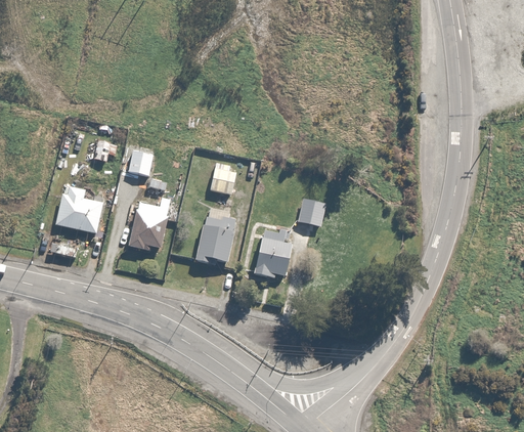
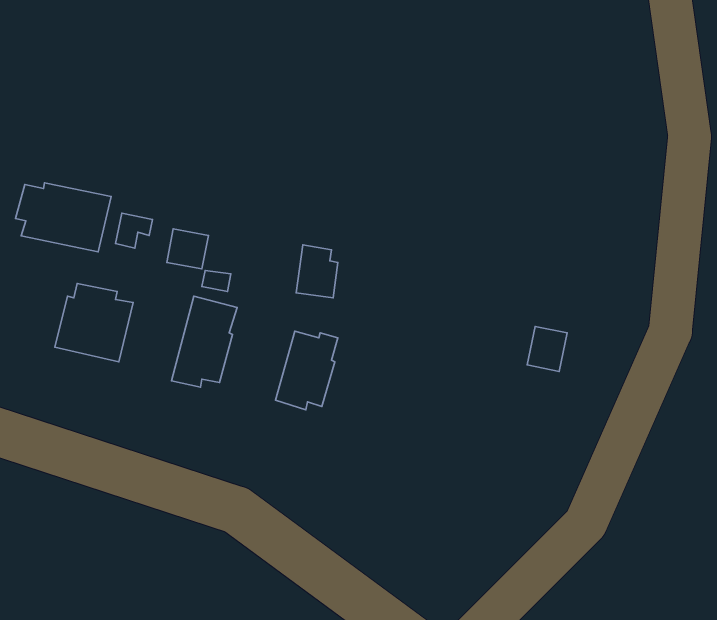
building: none -> [16,183,111,252]
building: [298,199,323,227] -> [527,327,567,371]
building: [254,229,290,278] -> none

